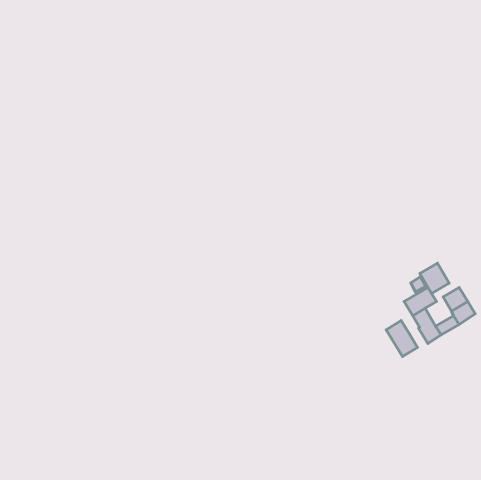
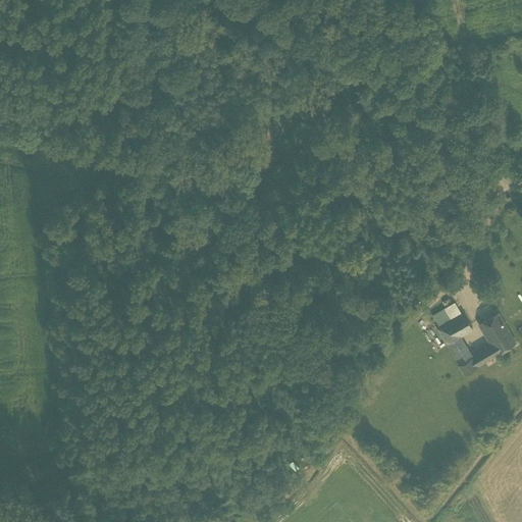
building: [420,263,449,294] -> none
building: [386,321,418,357] -> none

